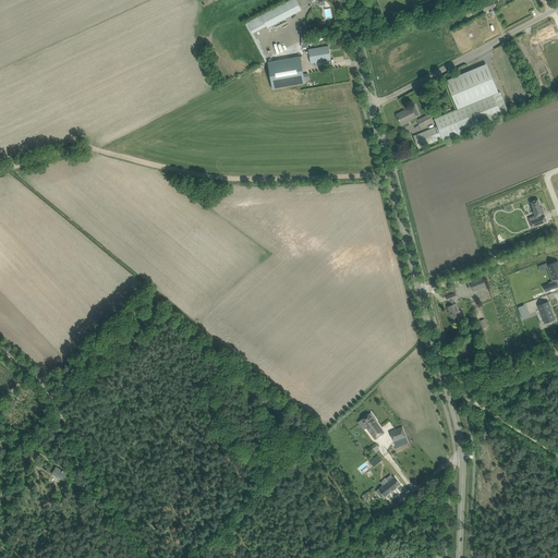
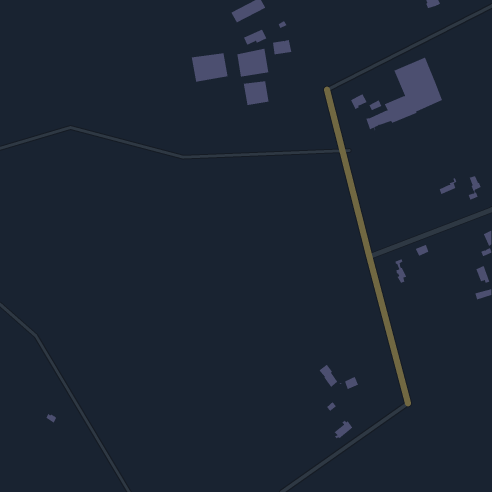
building: none -> [191,52,228,82]
building: none -> [243,80,269,106]

